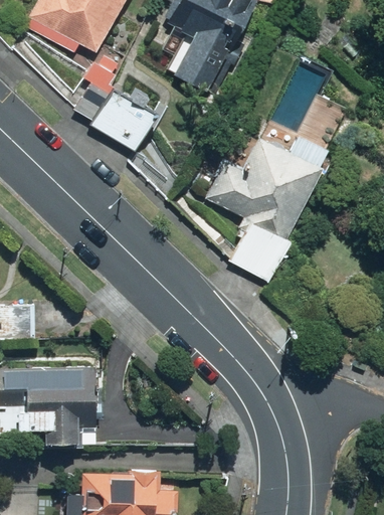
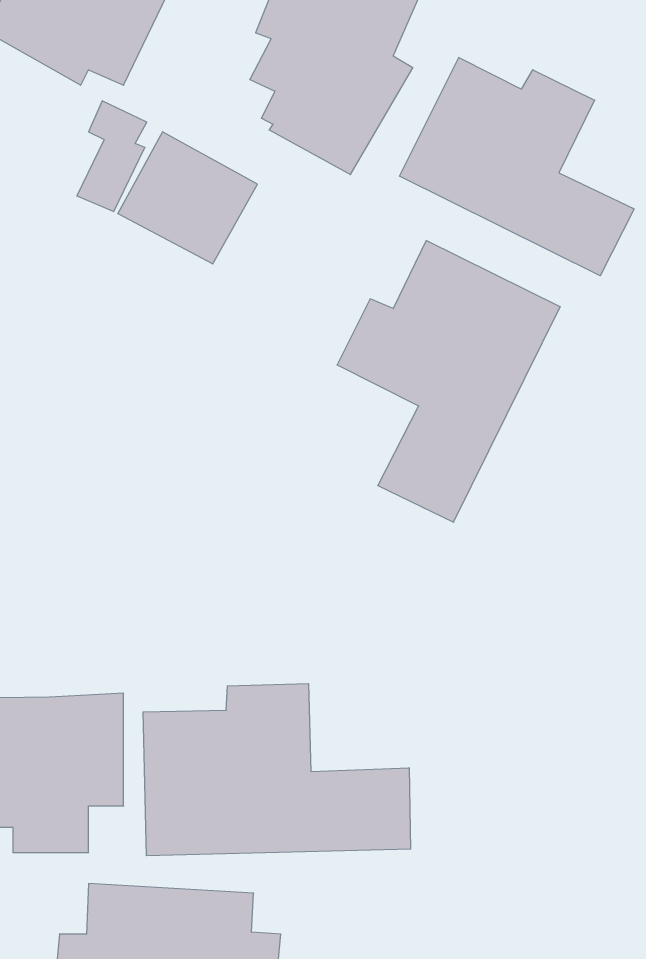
building: none -> [400,57,634,276]
building: none -> [143,684,411,856]

